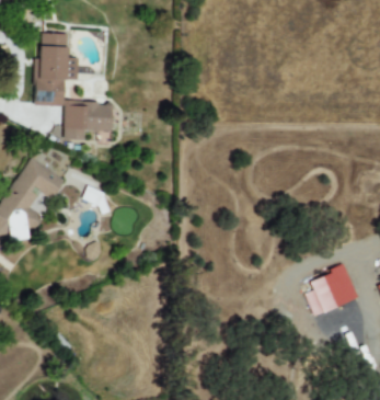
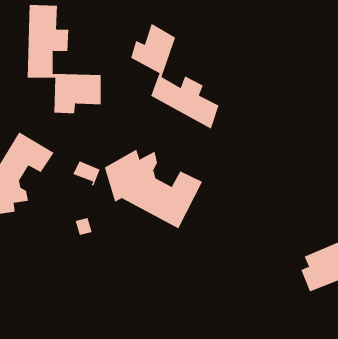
building: none -> [130,23,219,129]
building: none -> [104,149,203,229]

